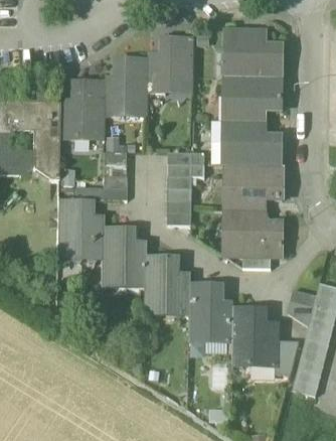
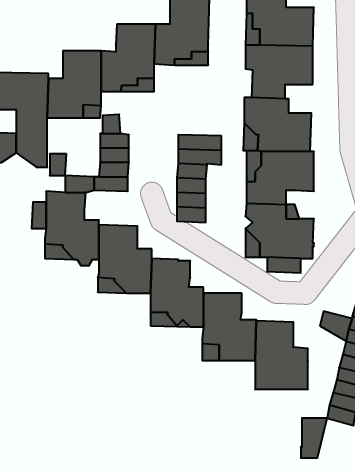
building: [277,340,299,374] -> [301,418,327,458]

